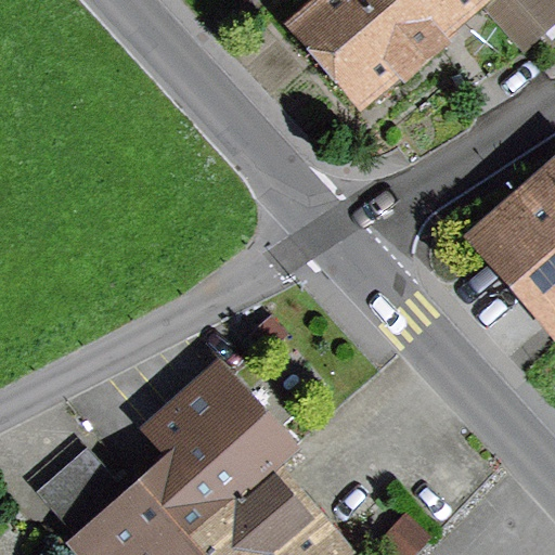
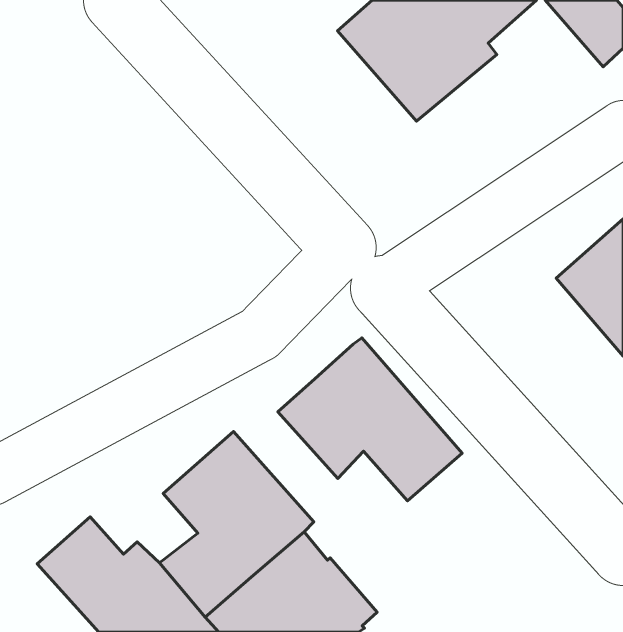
building: none -> [278,338,462,501]

